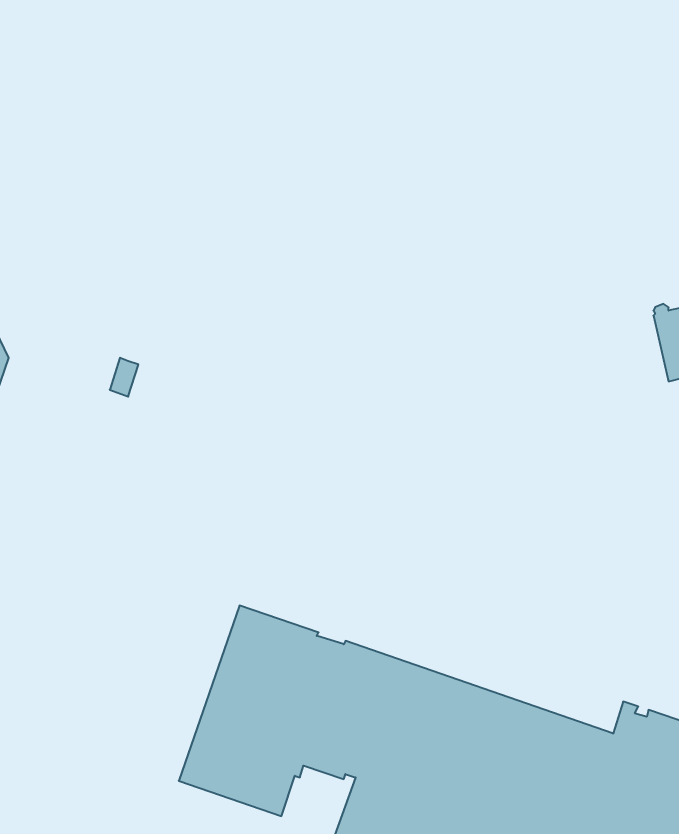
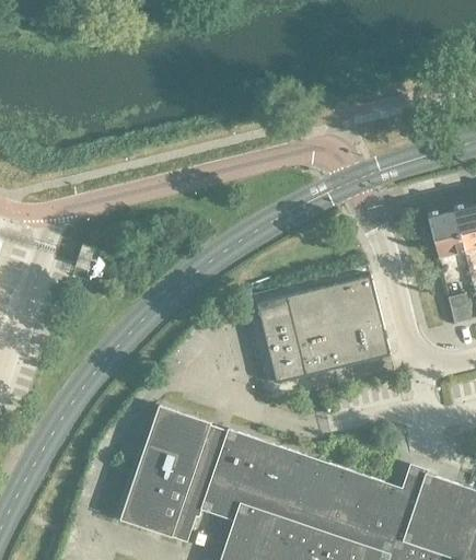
building: none -> [254,275,390,385]

